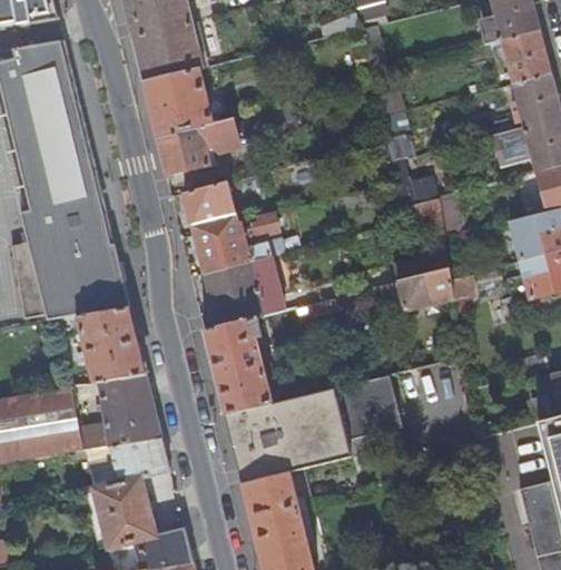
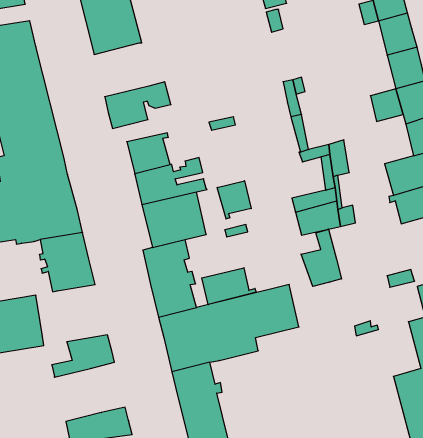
building: [144,69,213,137] -> none
building: none -> [217,181,251,219]
building: none -> [301,229,342,286]
building: none -> [202,268,256,305]
building: [78,374,160,451] -> none
building: [94,480,152,547] -> none

